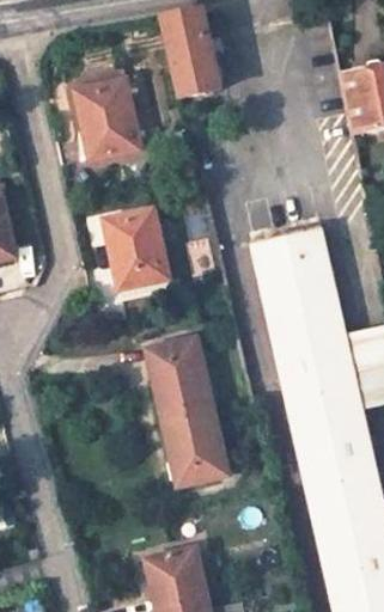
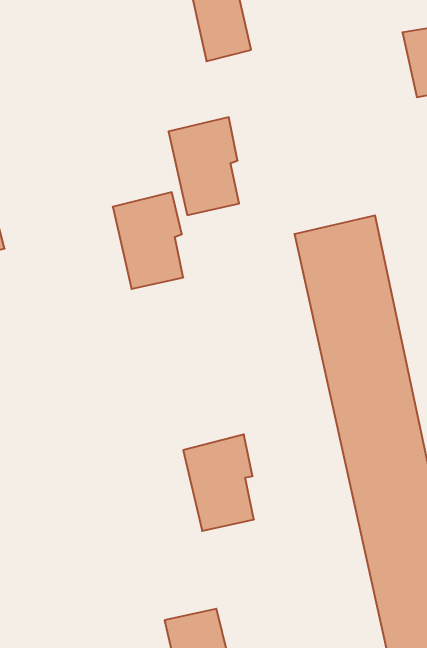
building: [74,79,133,160] -> [168,117,239,215]
building: [147,342,213,422] -> none

